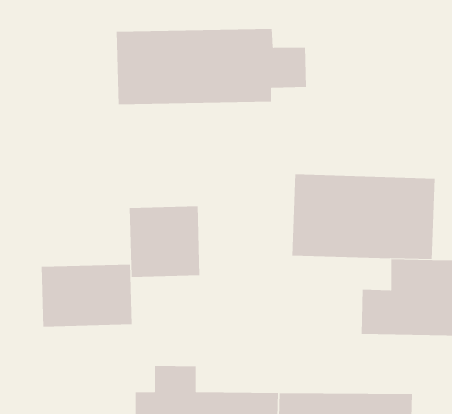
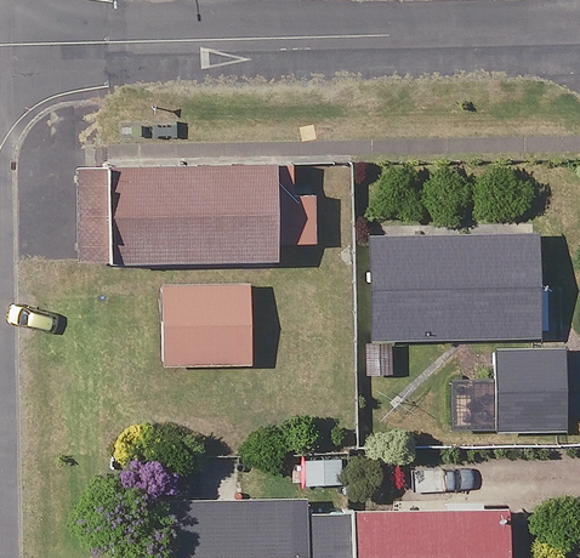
building: [116,29,307,105] -> [81,172,318,267]
building: [41,264,132,327] -> none

